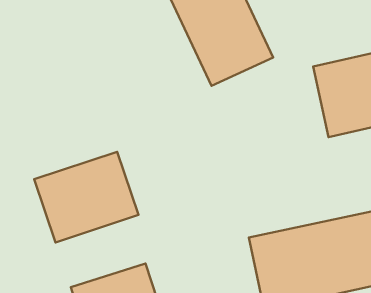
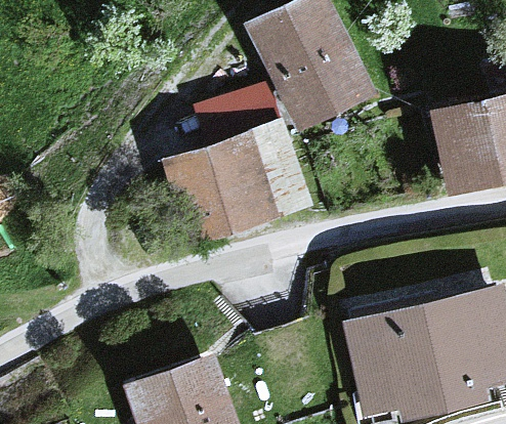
building: none -> [164,119,314,249]
building: [34,152,139,242] -> none

